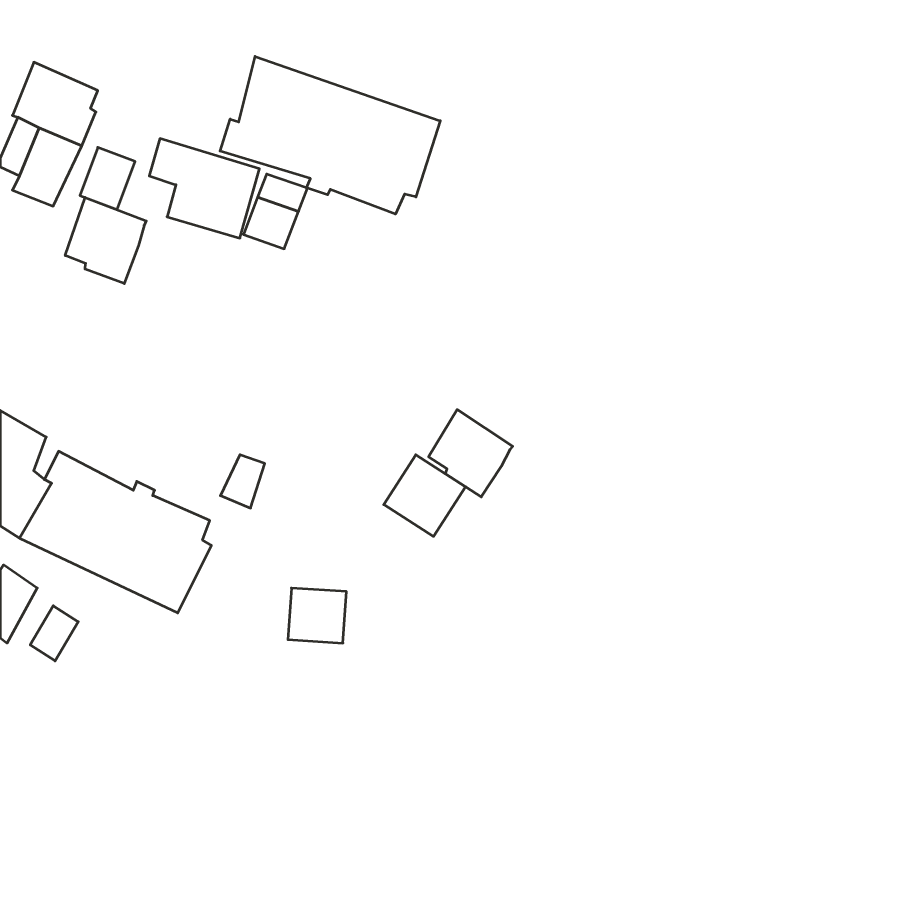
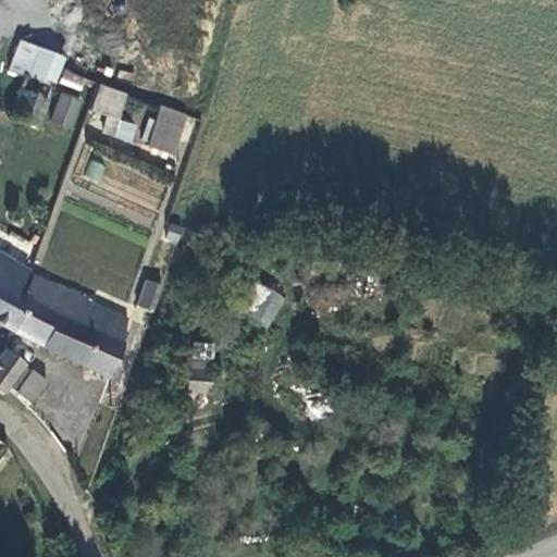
building: [220,56,440,214] -> none
building: [65,197,146,284] -> none
building: [429,410,513,497] -> none

